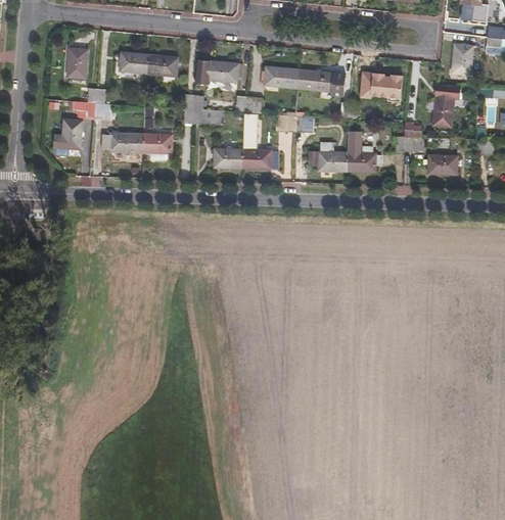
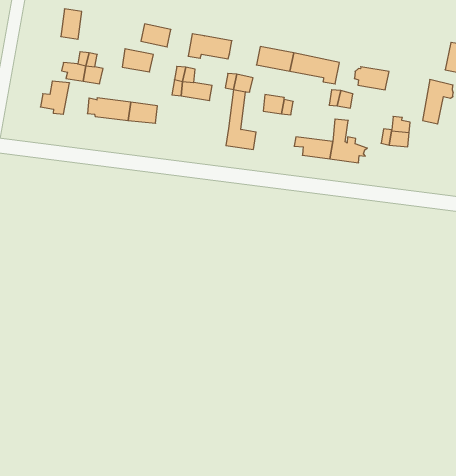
building: [121,52,150,73] -> [122,49,153,72]
building: [215,149,243,168] -> none
building: [429,155,457,174] -> none

